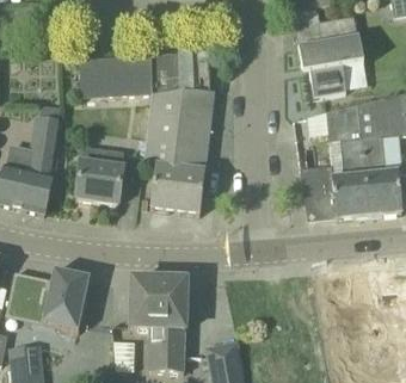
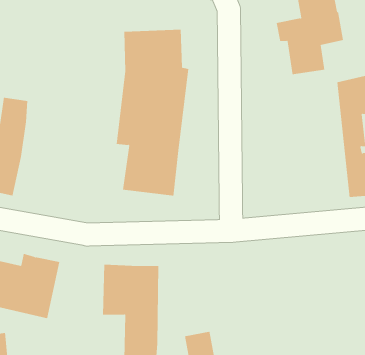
building: [80,55,153,97] -> none
building: [302,104,369,218] -> none
building: [76,146,124,204] -> none

